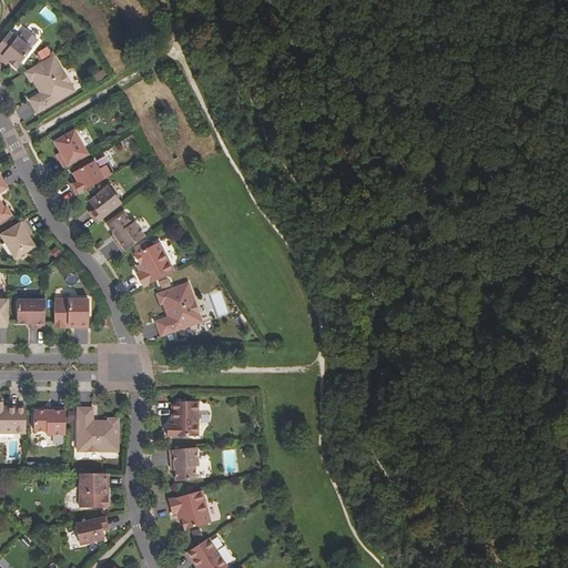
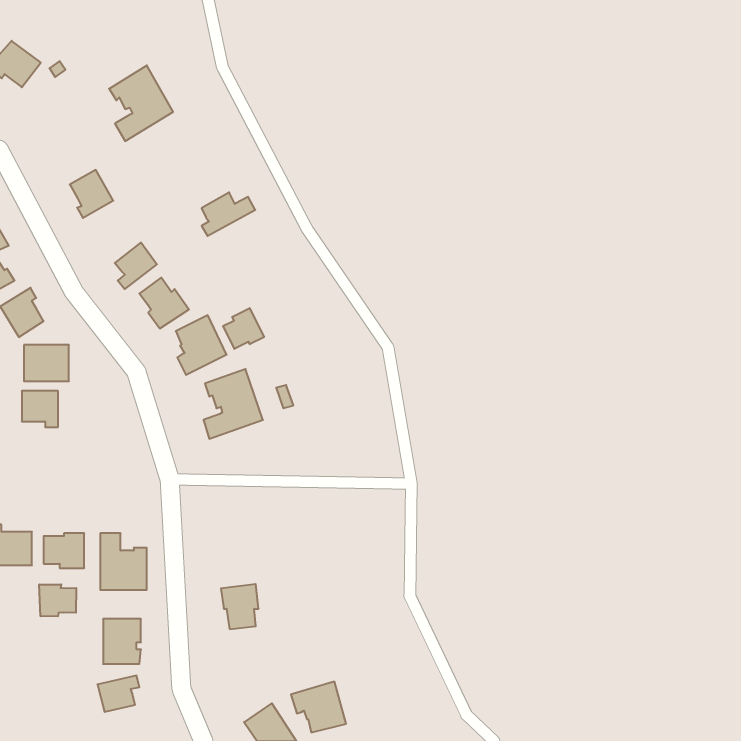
building: [24,54,73,112] -> [109,65,173,141]
building: [72,160,113,193] -> [202,192,255,236]
building: none -> [223,308,264,349]
building: [53,300,88,327] -> [24,345,69,381]
building: [166,400,197,435] -> none
building: none -> [39,584,76,616]
building: [168,489,210,528] -> [291,682,346,732]

